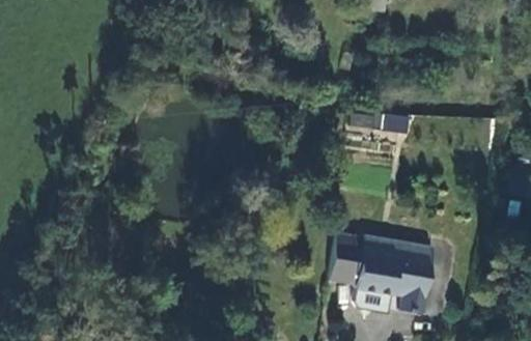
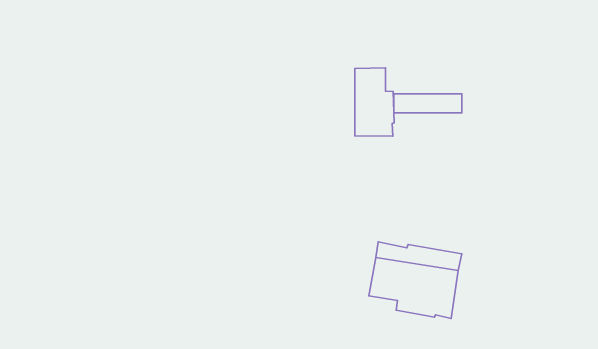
building: none -> [355,68,394,136]
building: [400,248,435,321] -> none

